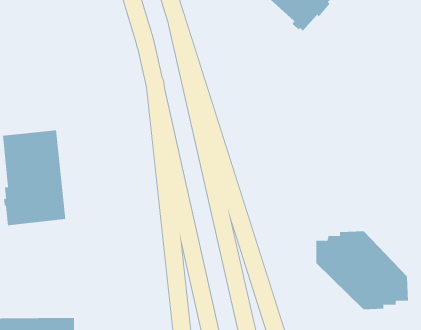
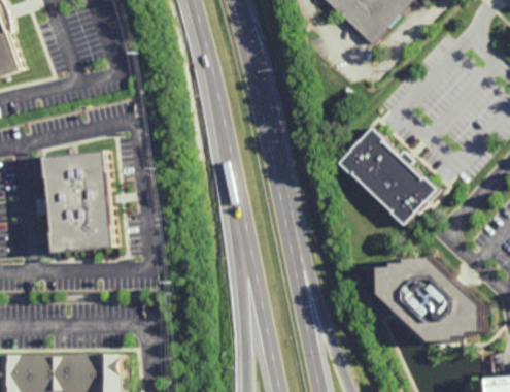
building: none -> [335,127,437,227]

